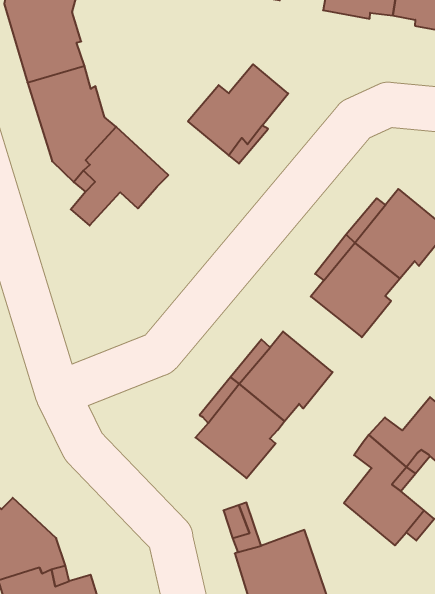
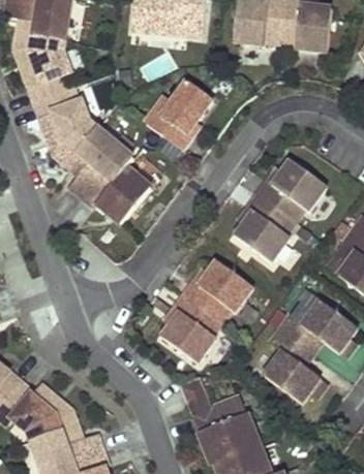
building: none -> [82,166,150,223]

